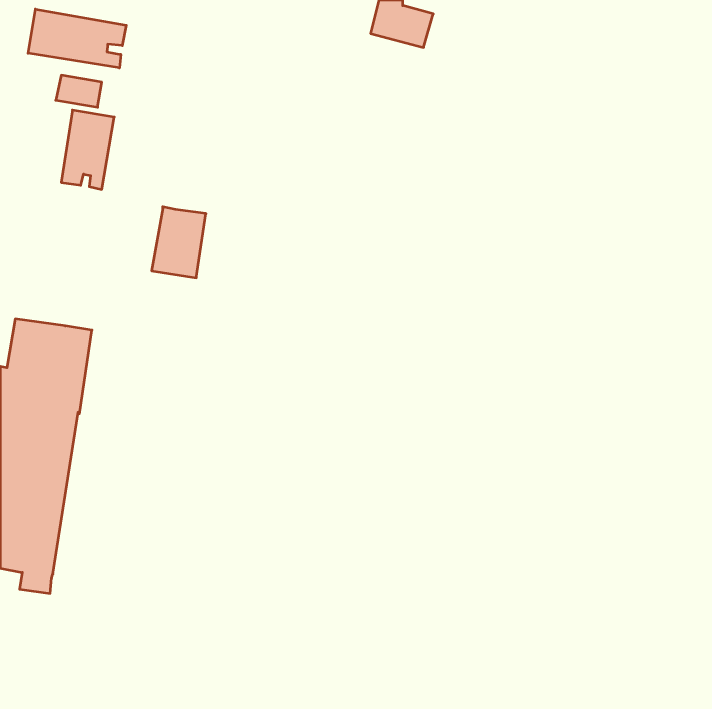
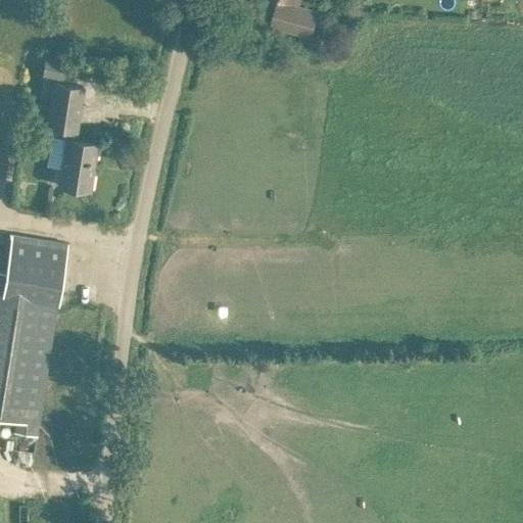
building: [28,9,126,68] -> none
building: [152,207,206,278] -> [57,139,97,191]

